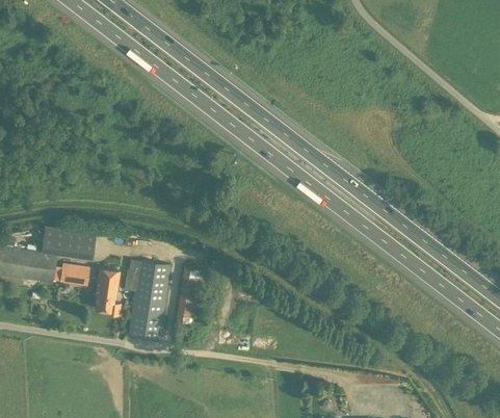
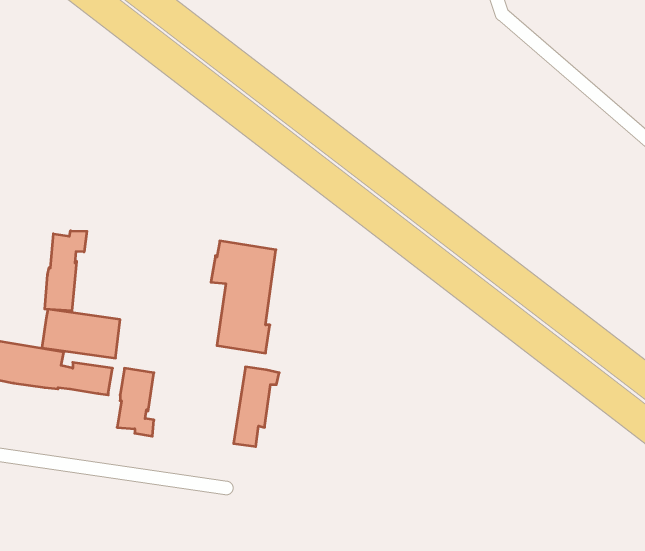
building: none -> [45,231,87,311]
building: [124,259,169,338] -> [211,241,276,353]

